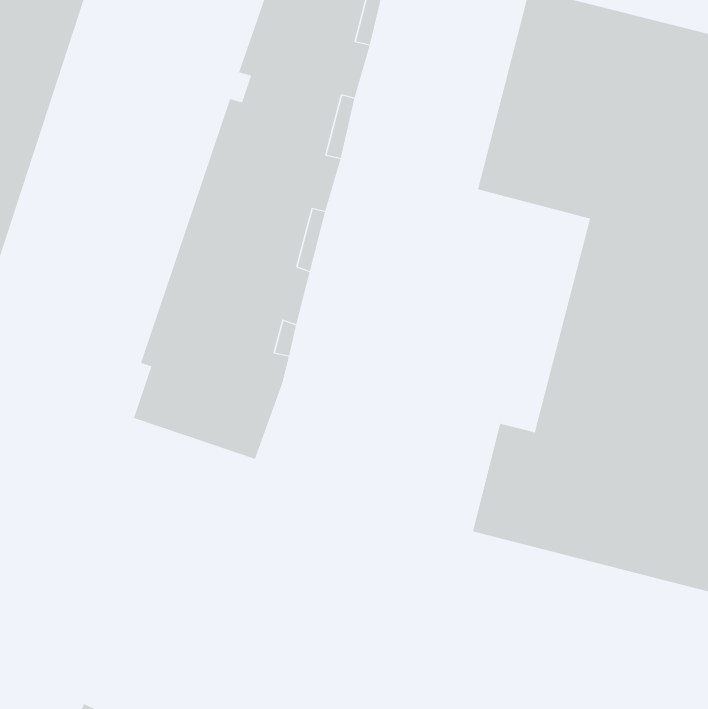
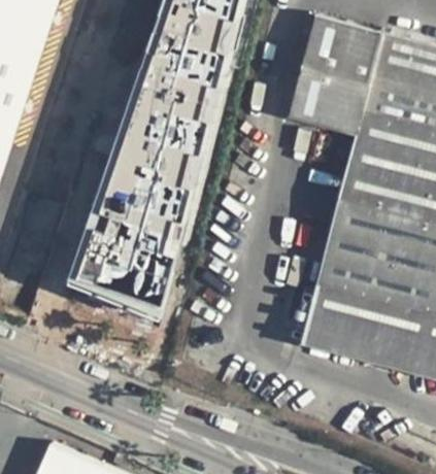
building: none -> [70,238,155,309]

